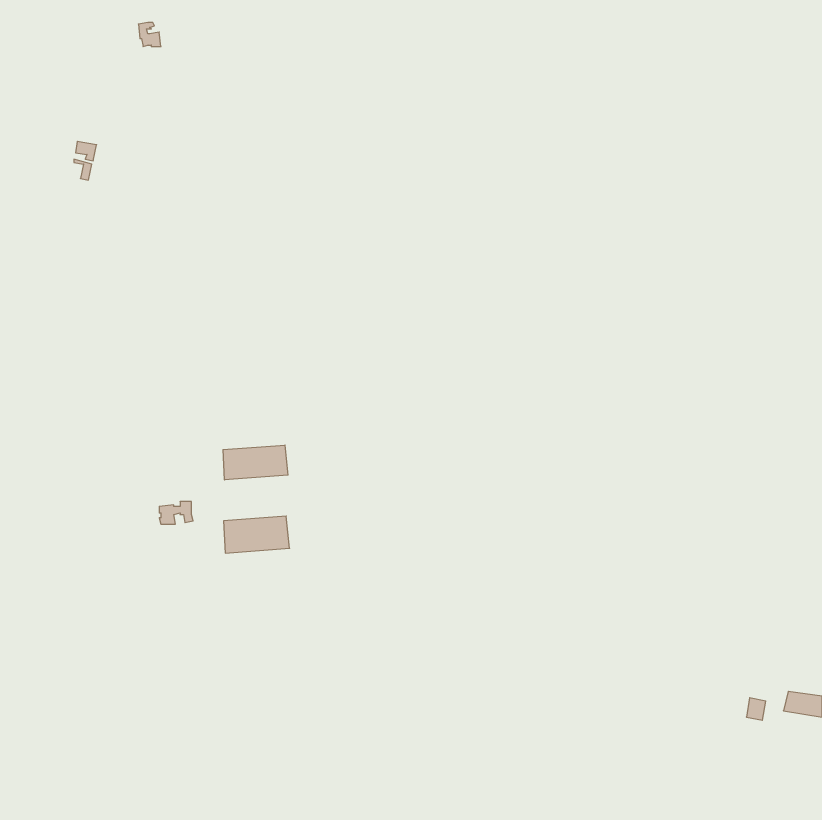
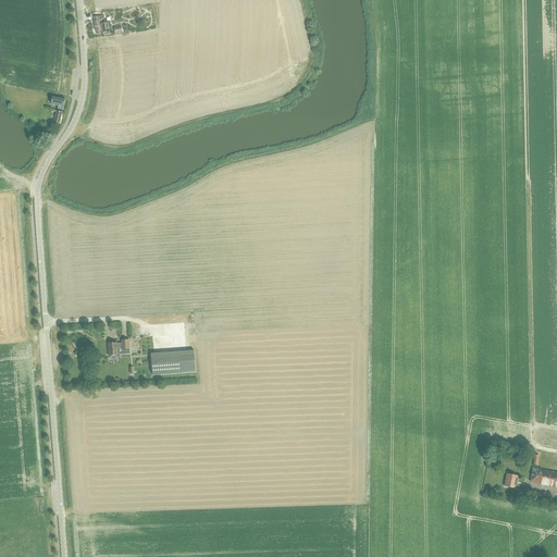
building: [223,445,288,480] -> none

